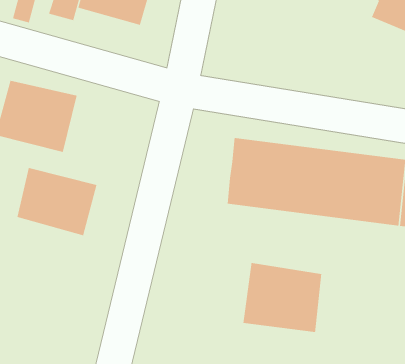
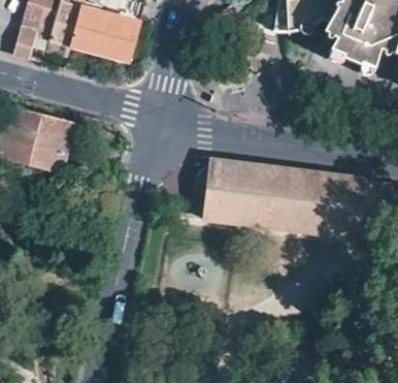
building: [17,167,97,236] -> none
building: [243,262,322,333] -> none

